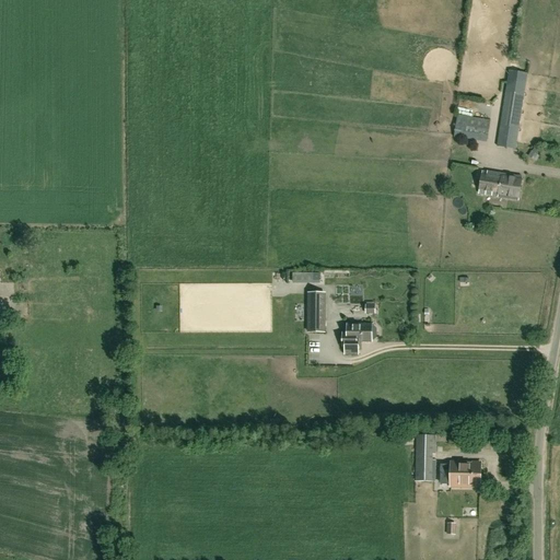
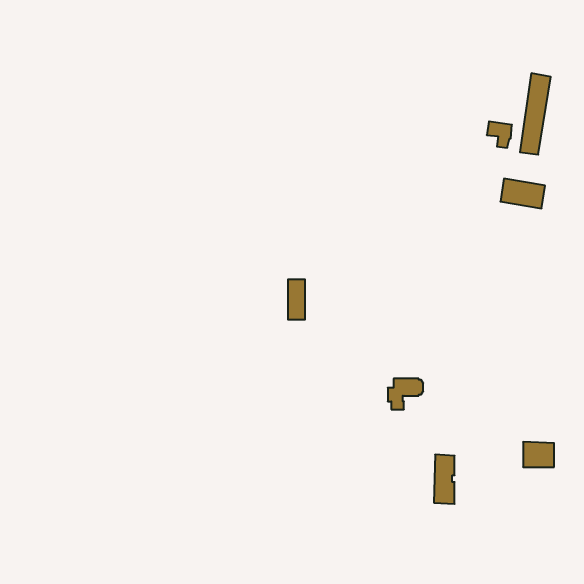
building: [307,293,324,331] -> [288,279,305,320]
building: [341,324,375,353] -> [388,379,423,409]
building: [450,462,479,486] -> [523,442,554,467]

